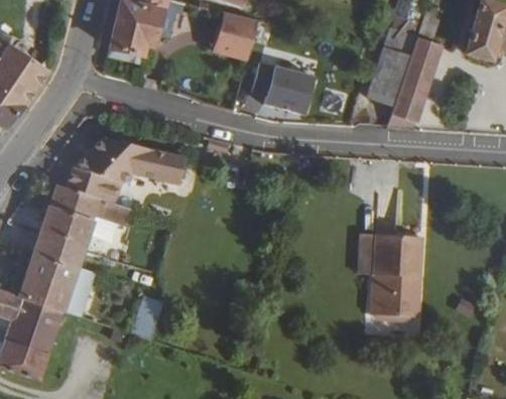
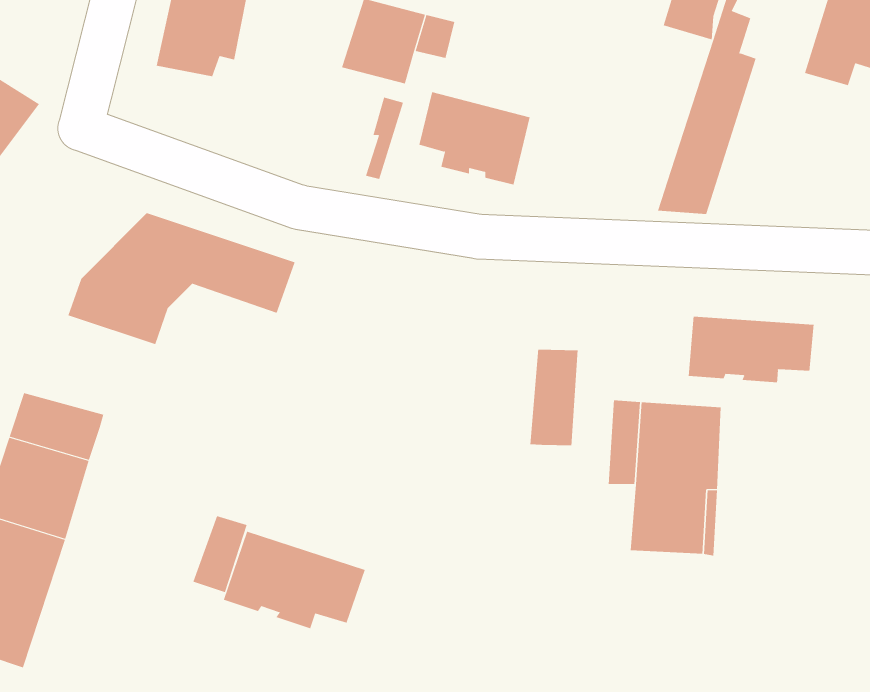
building: [367,27,416,107] -> none
building: [38,184,133,241] -> none
building: none -> [688,316,814,383]
building: none -> [530,349,578,446]
building: none -> [223,531,365,629]

